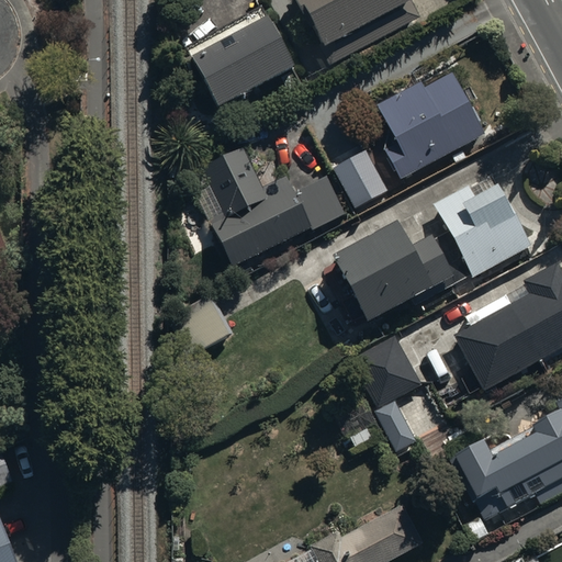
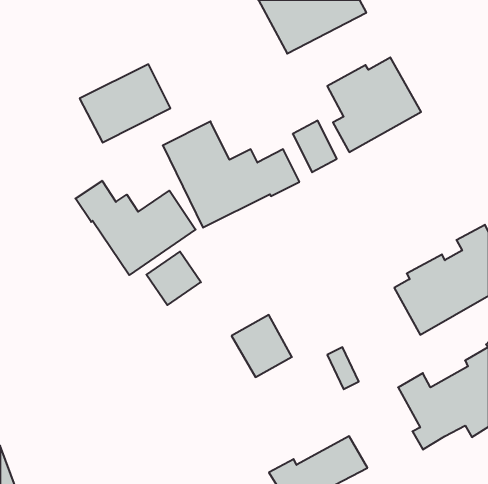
building: [191,16,295,106] -> [80,64,170,143]
building: [334,176,532,317] -> none
building: none -> [75,181,196,275]
building: [351,336,420,407] -> [232,315,292,377]

